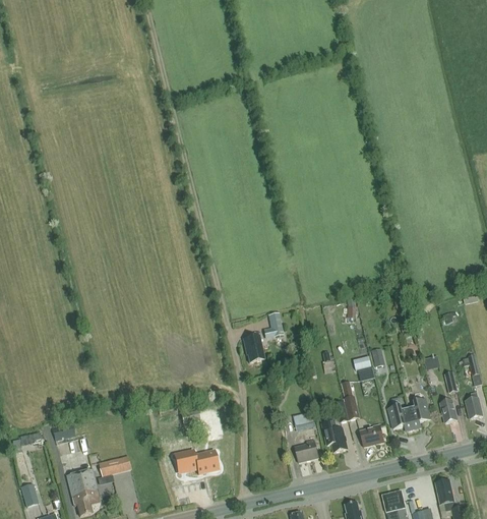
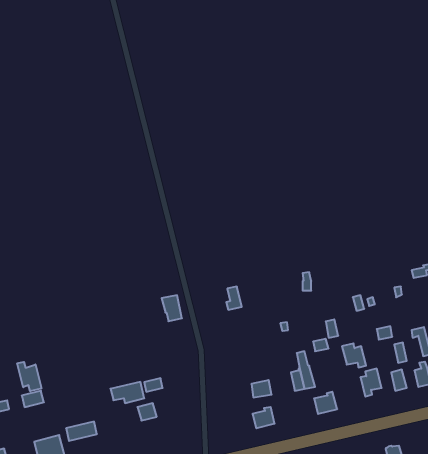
building: [243,335,264,362] -> [162,295,182,321]
building: none -> [17,362,41,391]
building: [388,405,414,430] -> [342,343,366,367]
building: [322,420,348,452] -> none
building: [183,451,219,473] -> [110,382,144,403]

